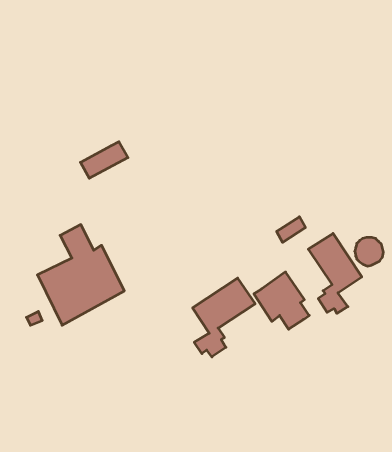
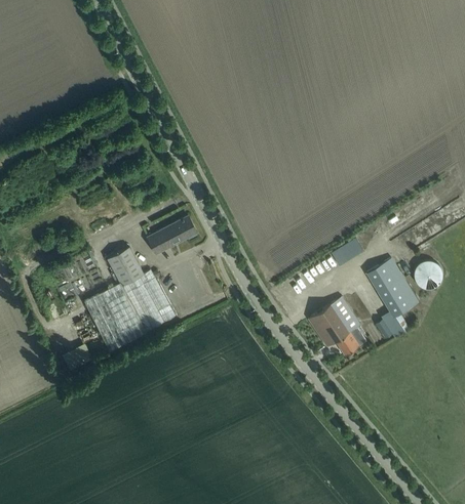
building: [80,142,128,178] -> [147,216,196,254]
building: [193,278,255,357] -> none

